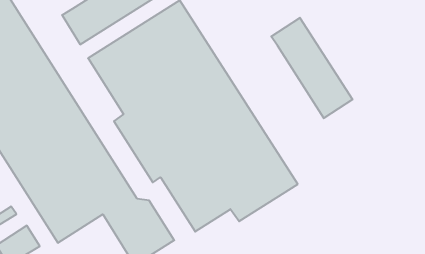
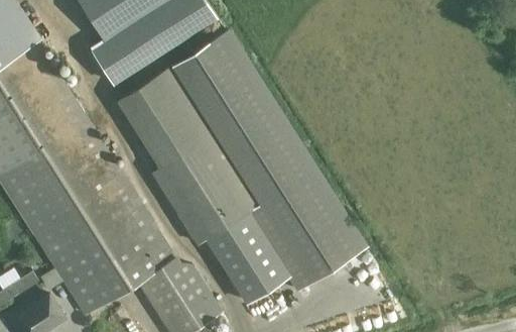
building: [271,18,352,118] -> none

